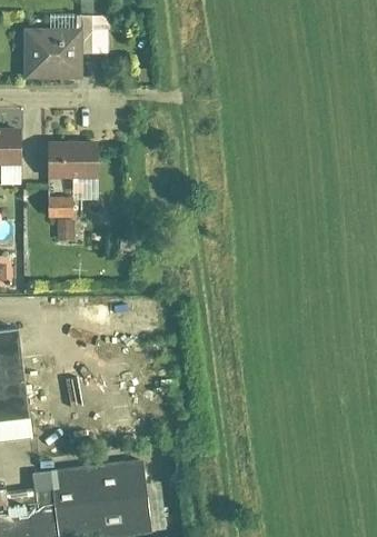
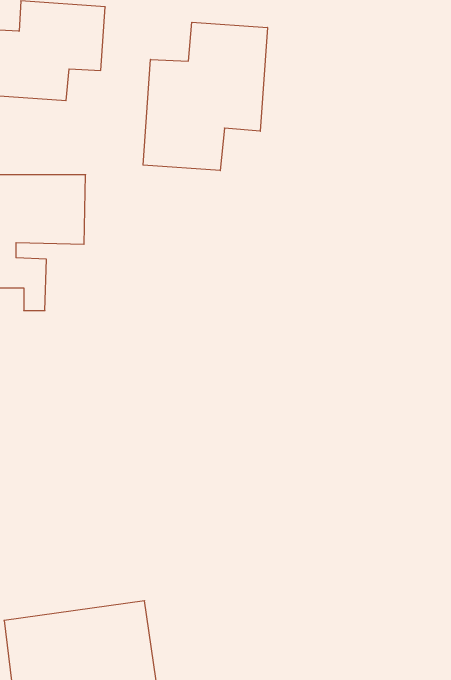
building: none -> [143,22,267,171]

